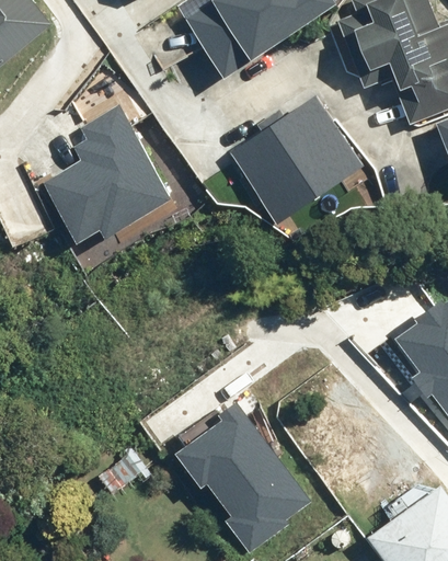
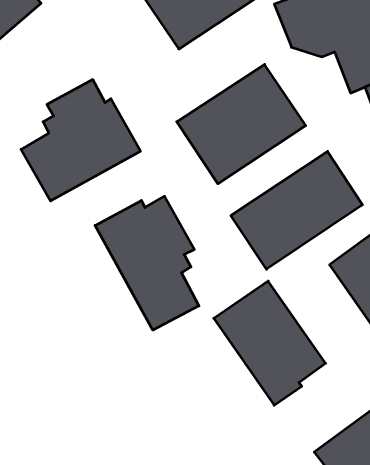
building: none -> [231,151,362,269]
building: none -> [95,196,199,330]
building: [186,396,314,538] -> [214,281,326,405]

